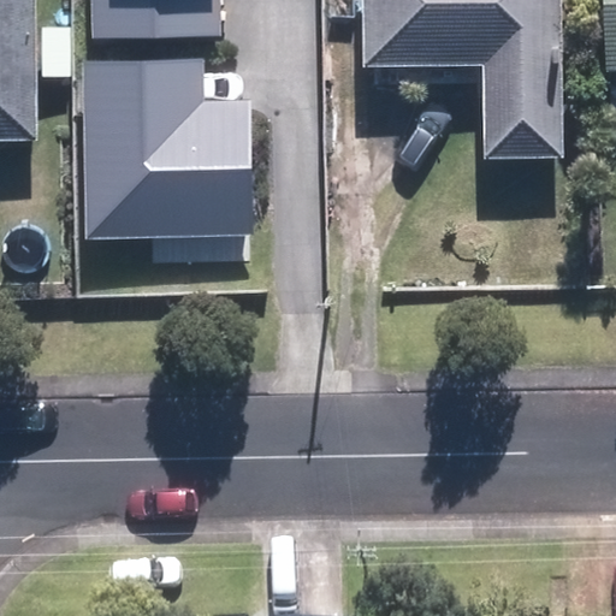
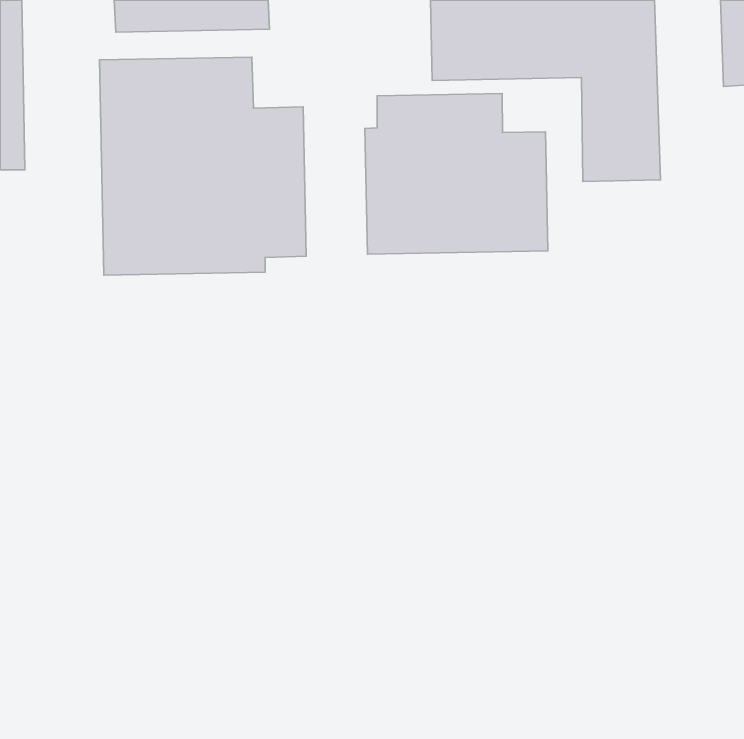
building: none -> [365,94,548,254]

